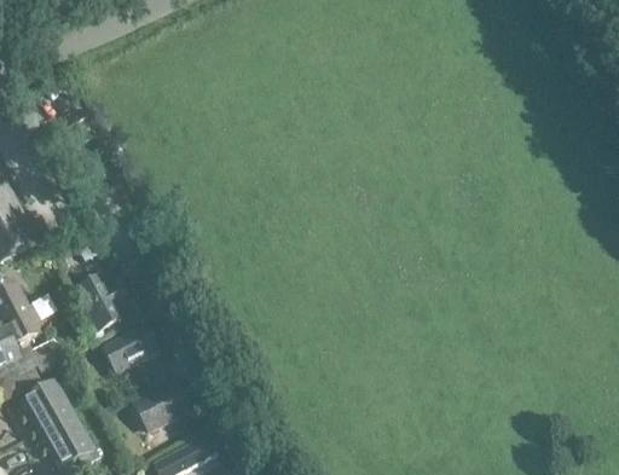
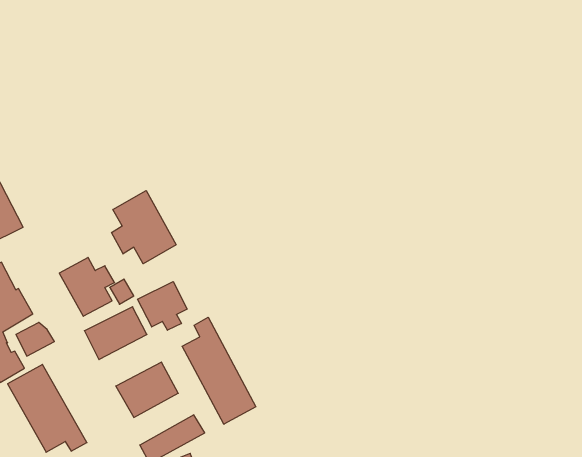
building: none -> [112,191,176,264]
building: none -> [138,282,187,330]
building: none -> [182,317,256,424]

